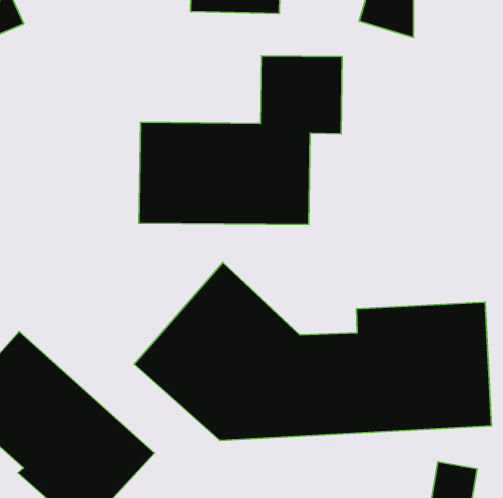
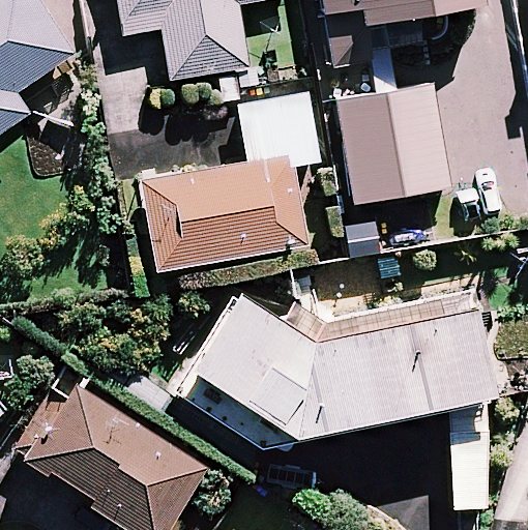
building: none -> [339,86,452,203]

